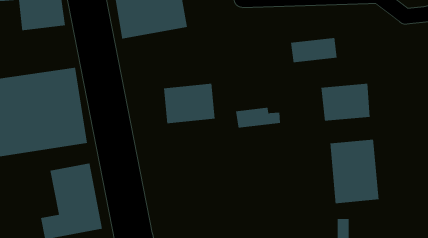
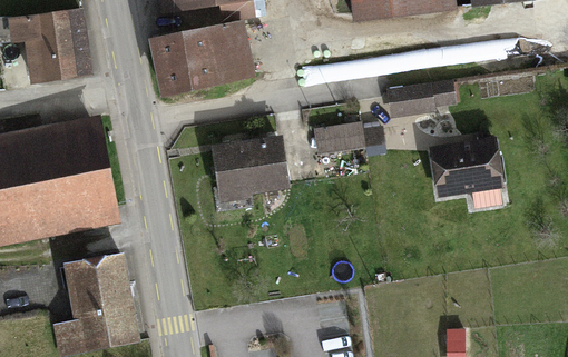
building: [235,107,281,128] -> [315,127,375,155]
building: [330,139,379,204] -> none

